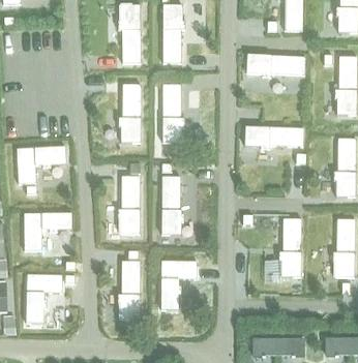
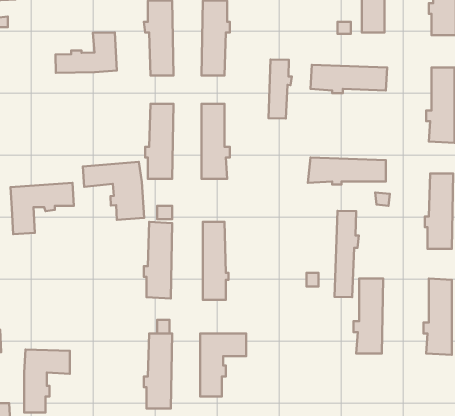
building: none -> [56,33,117,73]
building: none -> [268,60,292,119]
building: none -> [83,162,144,220]
building: none -> [335,211,359,297]
building: [23,213,70,250] -> none

